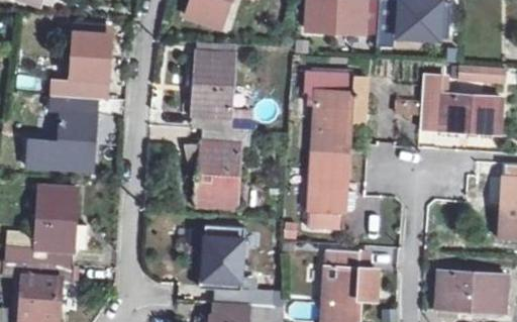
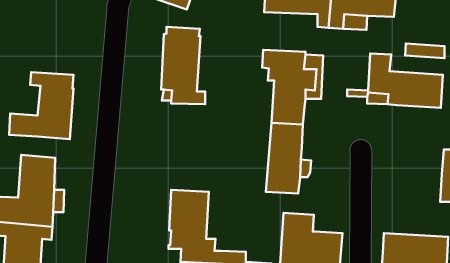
building: [49,26,111,98] -> none
building: [185,129,249,207] -> none

